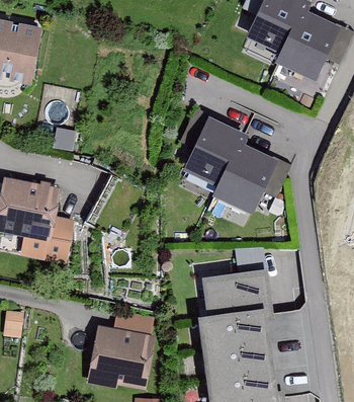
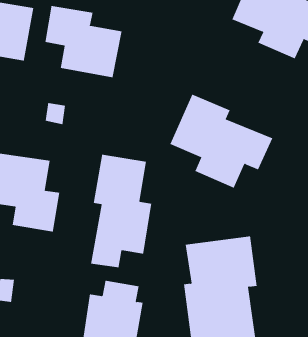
building: none -> [45,5,122,78]
building: none -> [90,154,152,268]

